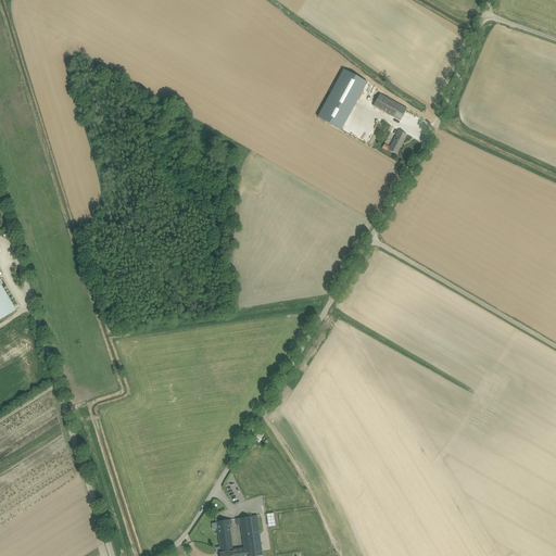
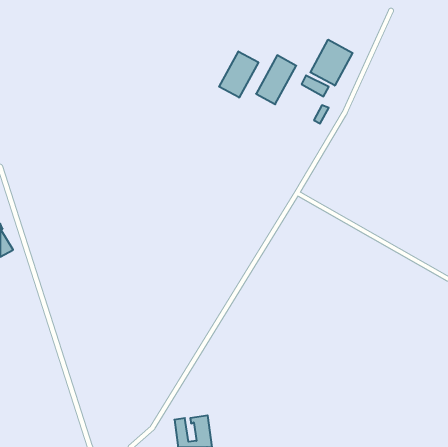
building: none -> [310,40,353,86]
building: none -> [219,51,258,98]

